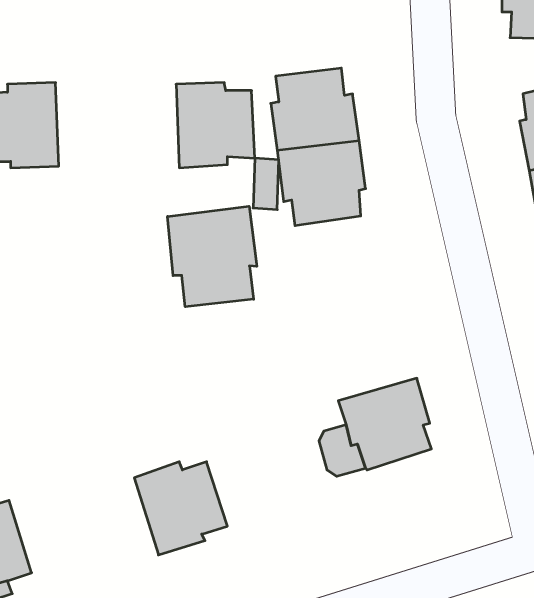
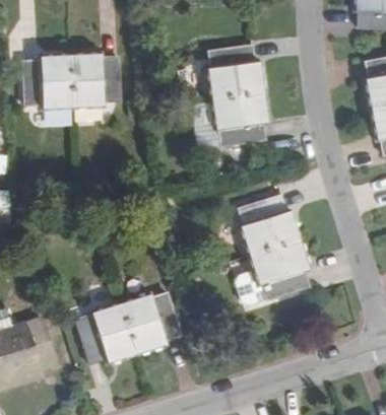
building: [176,83,255,168] -> [72,54,122,108]
building: [168,206,257,307] -> none
building: none -> [241,197,301,256]
building: none -> [78,304,137,363]

